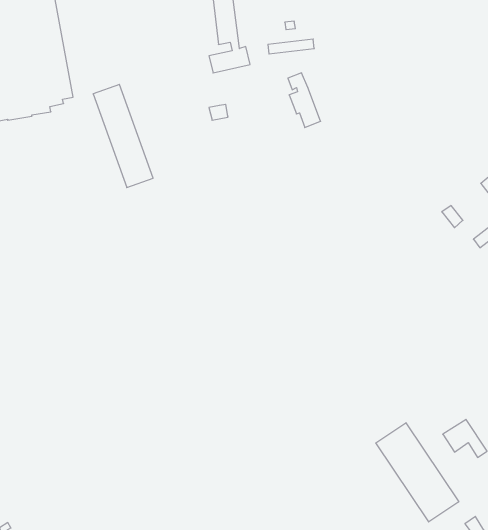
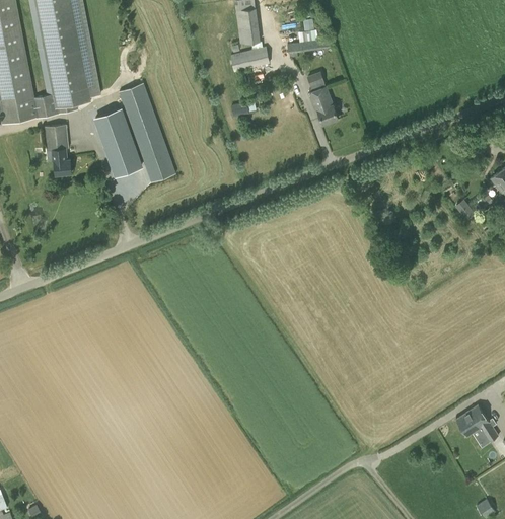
building: none -> [94,109,139,175]
building: none -> [45,124,72,173]
building: [376,423,459,522] -> none

